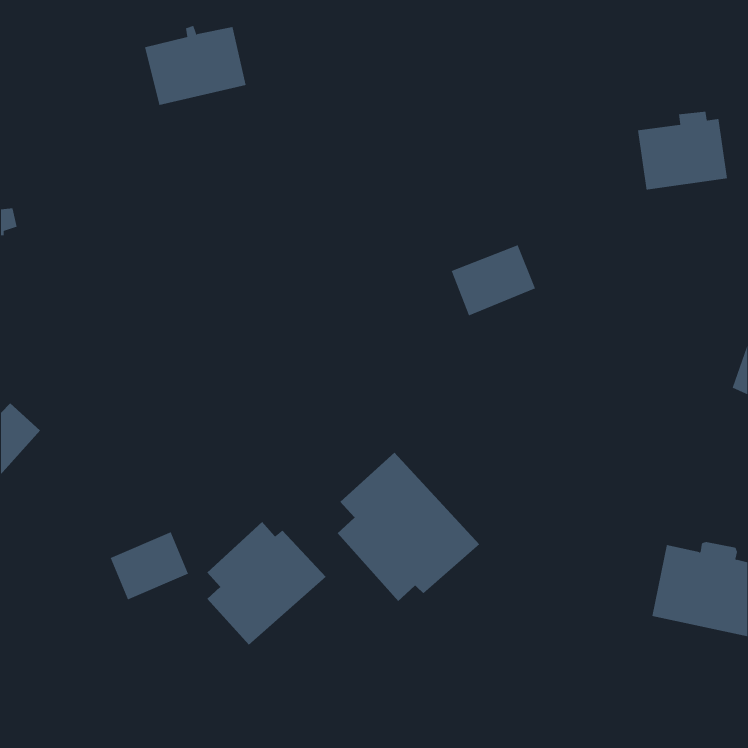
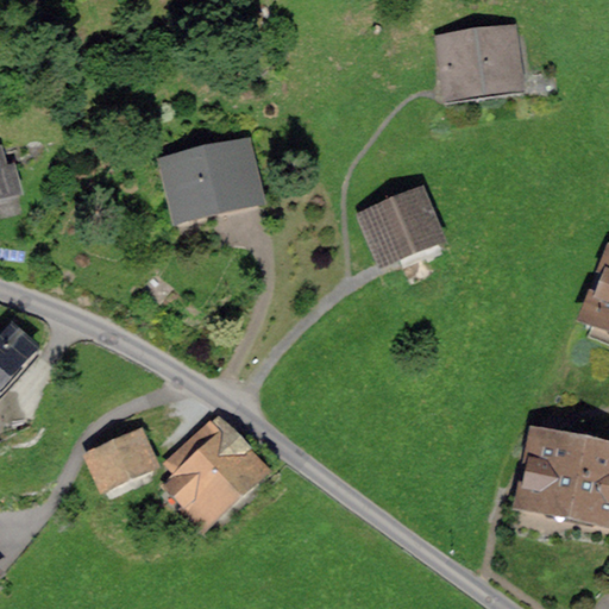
building: [144,25,247,106] -> [169,147,252,213]
building: [637,111,728,190] -> [442,29,516,93]
building: [337,452,480,602] -> none

